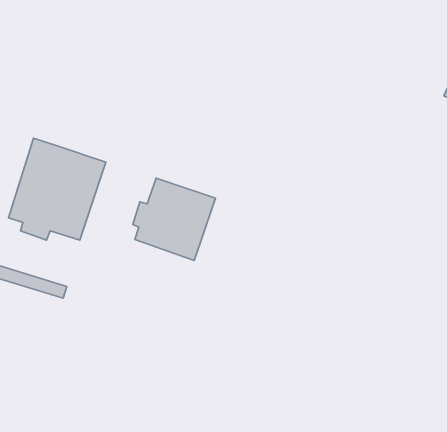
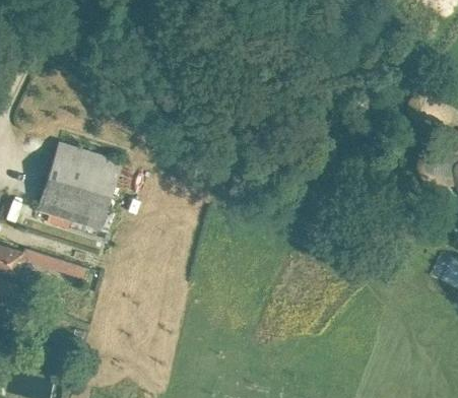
building: [133,178,215,261] -> none

